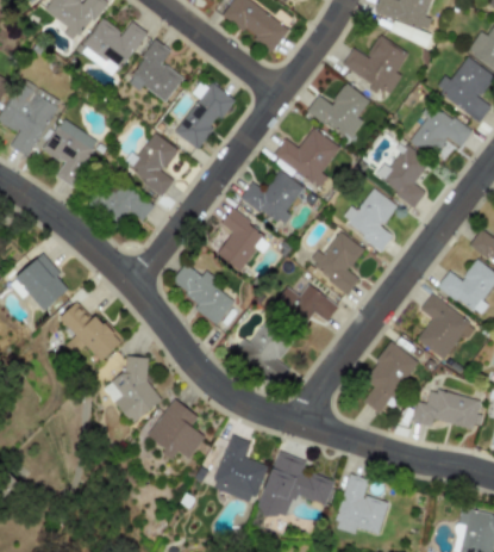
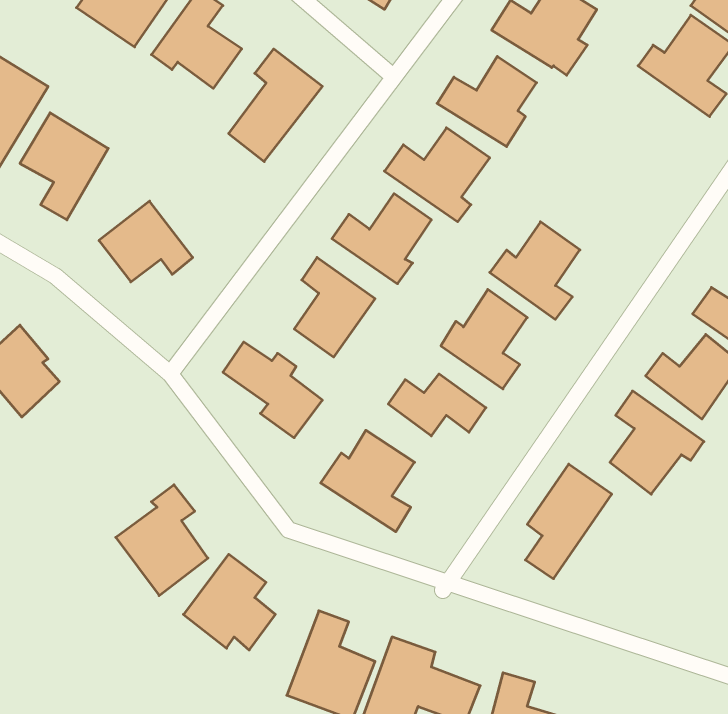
building: [411,103,471,163] -> none
building: [126,131,180,194] -> none
building: [379,145,429,206] -> none
building: [60,298,121,361] -> none
building: [412,387,480,429] -> none

